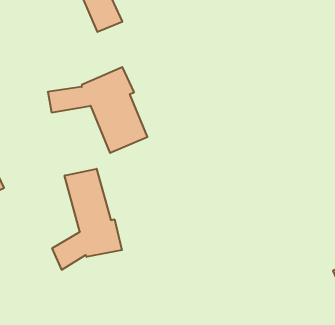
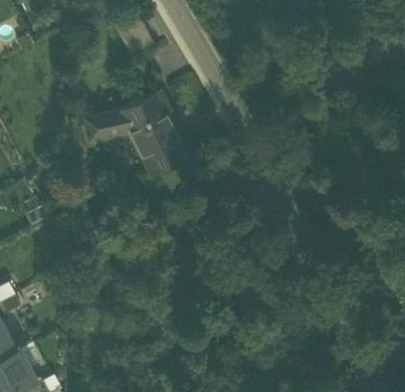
building: [52,169,122,270] -> none

